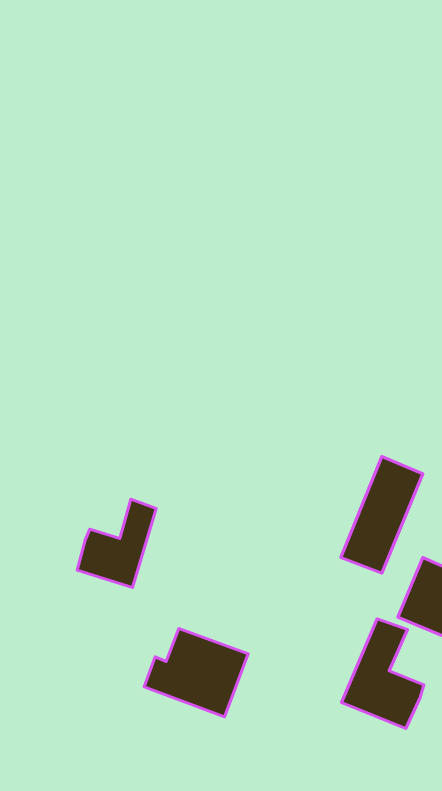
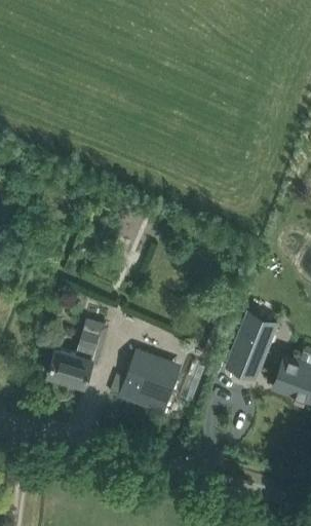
building: [342,619,424,729] -> none
building: [144,628,248,717] -> [114,352,182,410]

